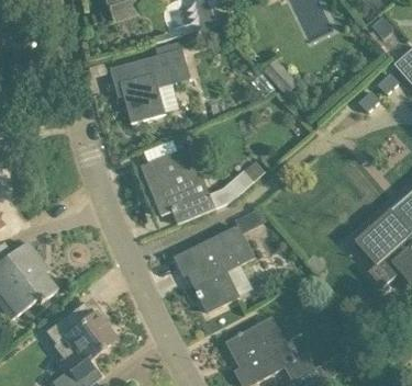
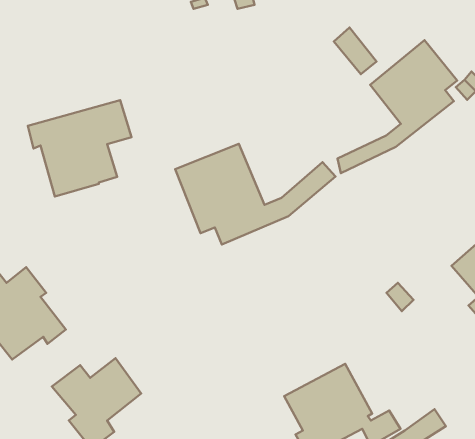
building: [110,48,190,123] -> [28,100,131,197]
building: none -> [337,40,457,173]
building: [175,226,252,311] -> none

